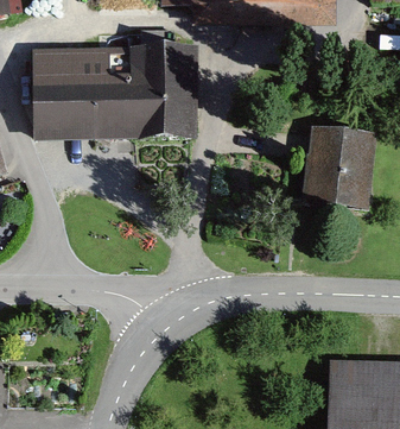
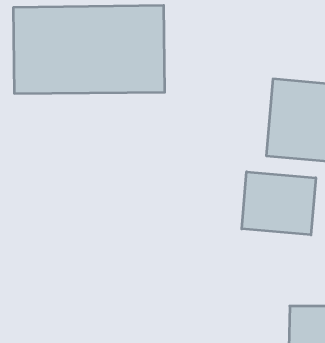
building: none -> [242,172,316,235]

